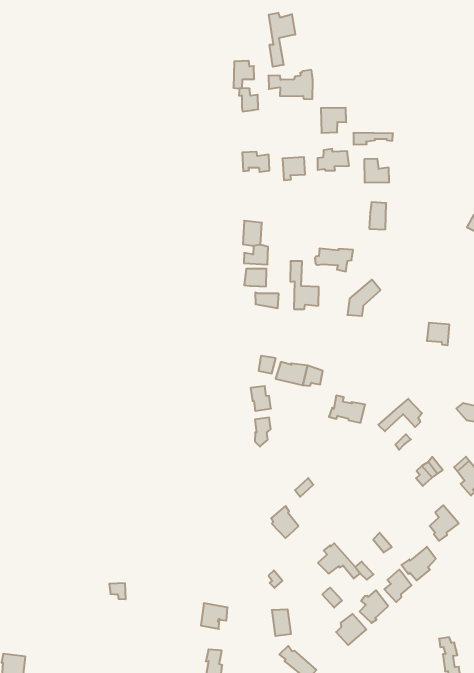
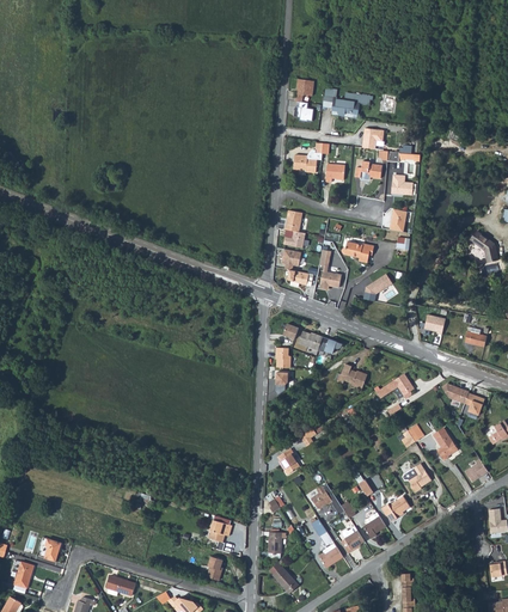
building: [269,13,295,67] -> none

